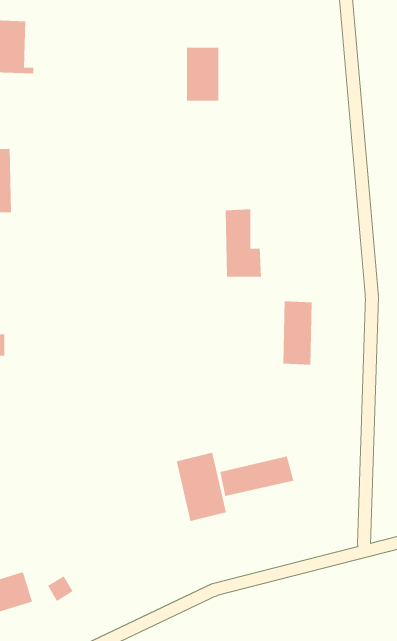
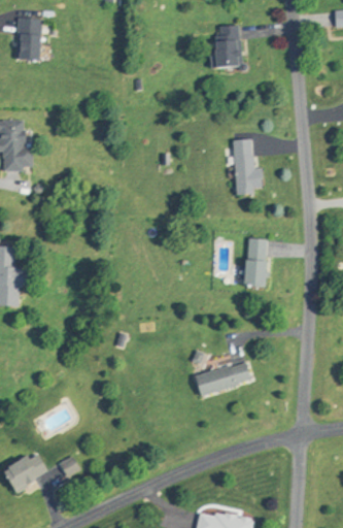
building: [186,47,219,101] -> [213,26,239,68]
building: [225,209,262,277] -> [234,139,263,193]
building: [176,452,226,522] -> none

